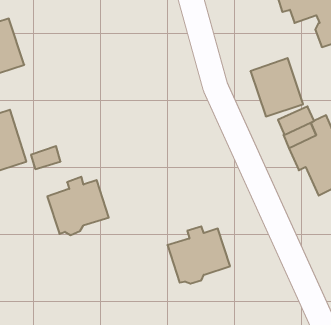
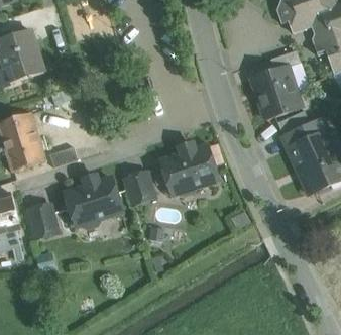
building: none -> [123,170,155,204]
building: none -> [27,204,58,237]
building: [167,226,230,284] -> [160,142,218,195]

